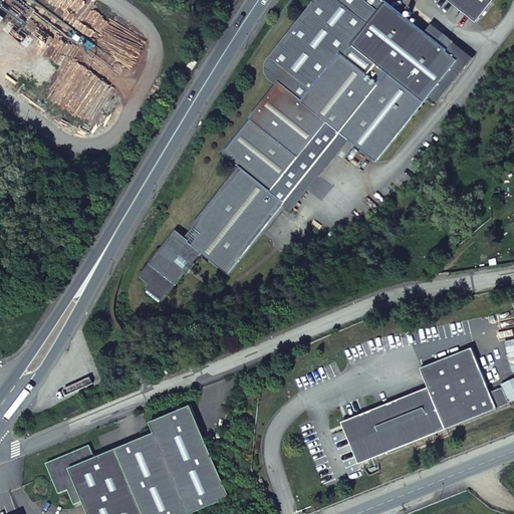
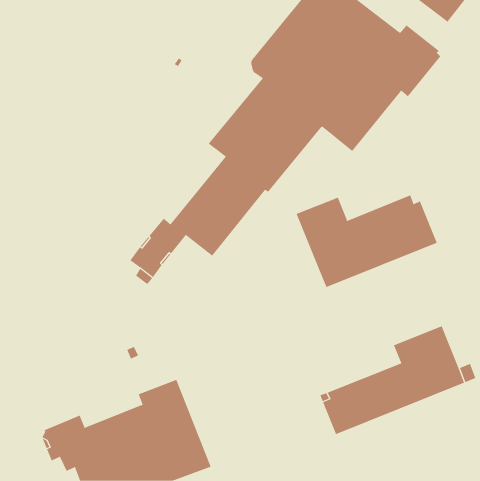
building: none -> [296,195,437,288]

